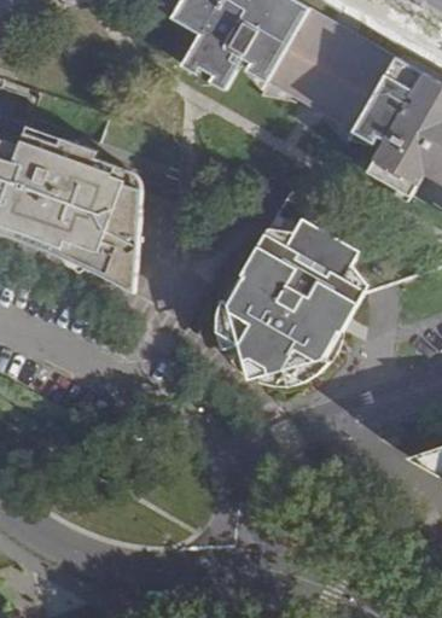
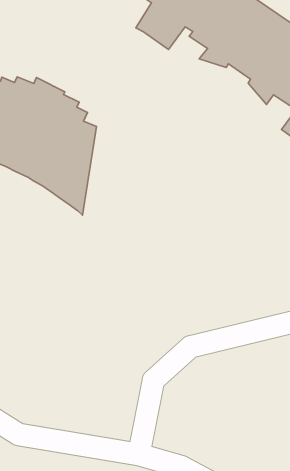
building: [217,218,364,380] -> none

